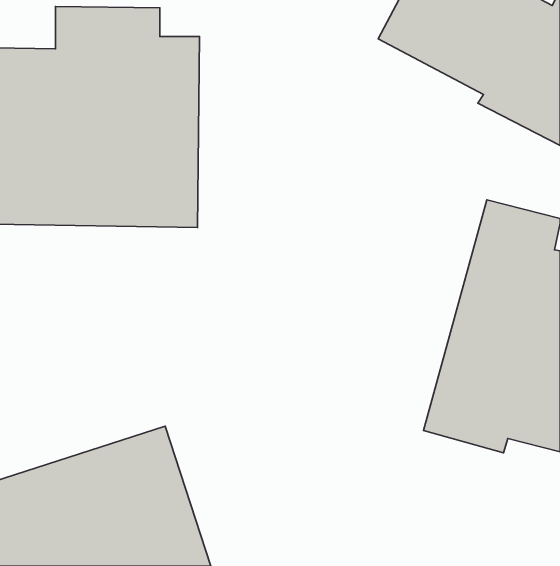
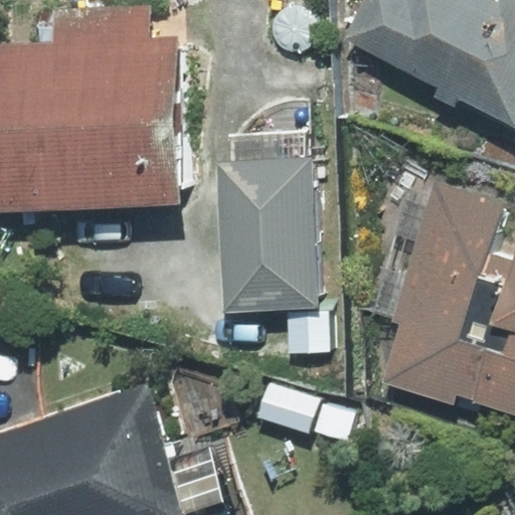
building: none -> [214,158,331,354]

